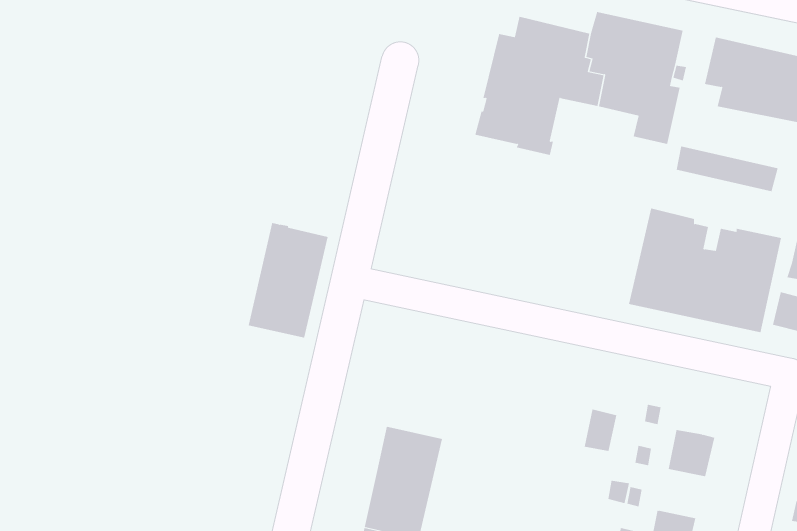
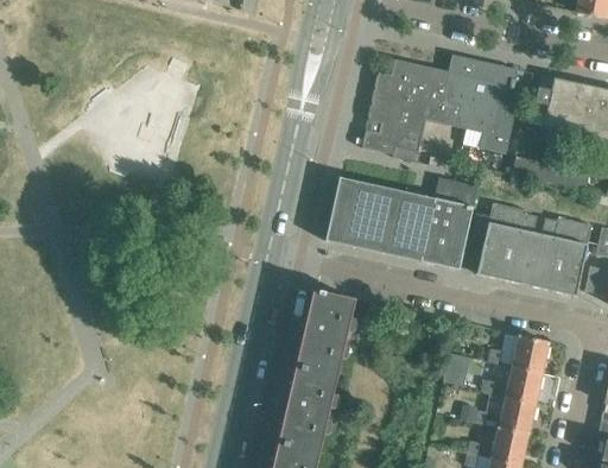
building: none -> [325,176,477,268]
building: [248,223,328,338] -> [294,287,355,374]
building: none -> [512,334,547,373]
building: none -> [499,397,534,434]

